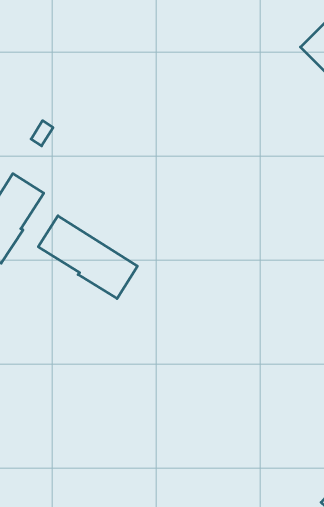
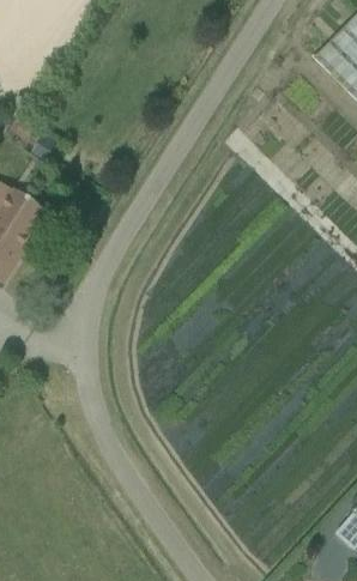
building: [38,216,137,299] -> none

